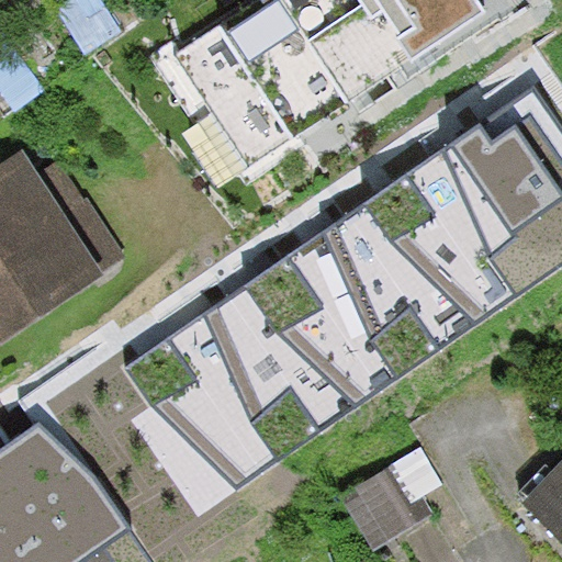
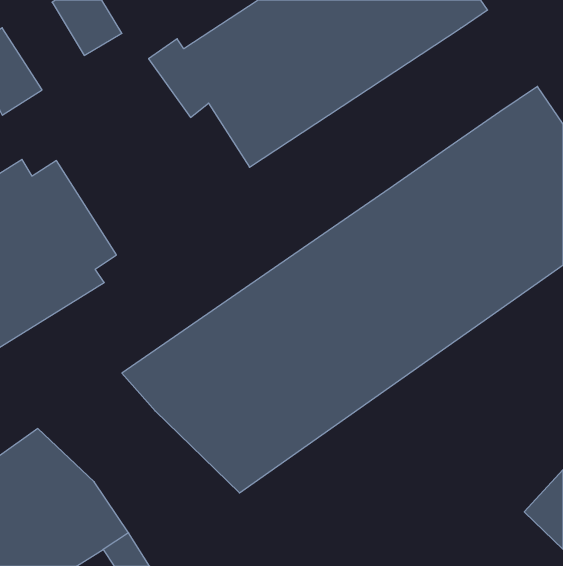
building: [341,452,438,548] -> none

